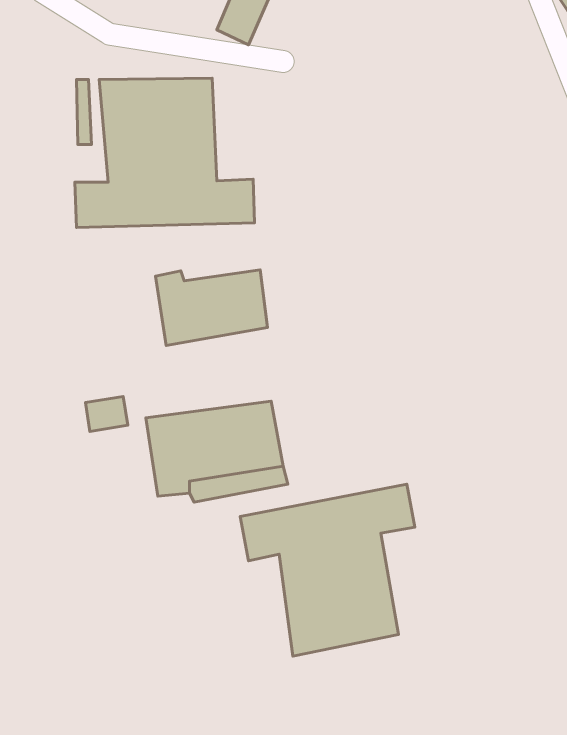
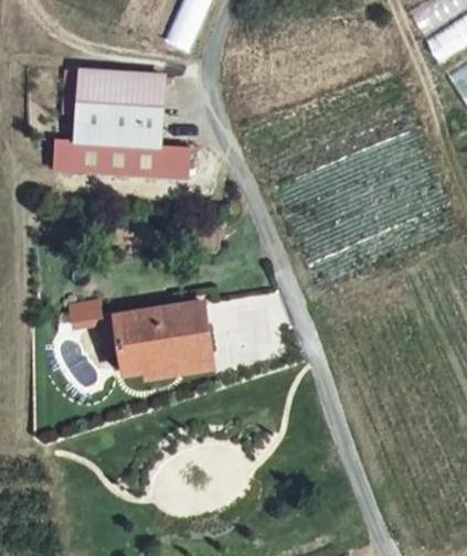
building: [156,270,267,345] -> none
building: [240,484,415,656] -> none

